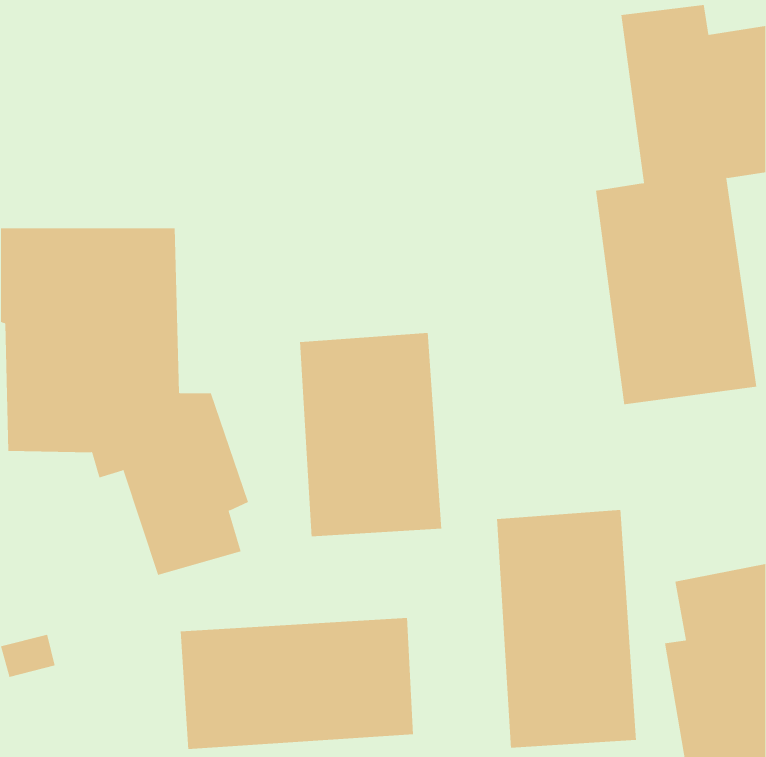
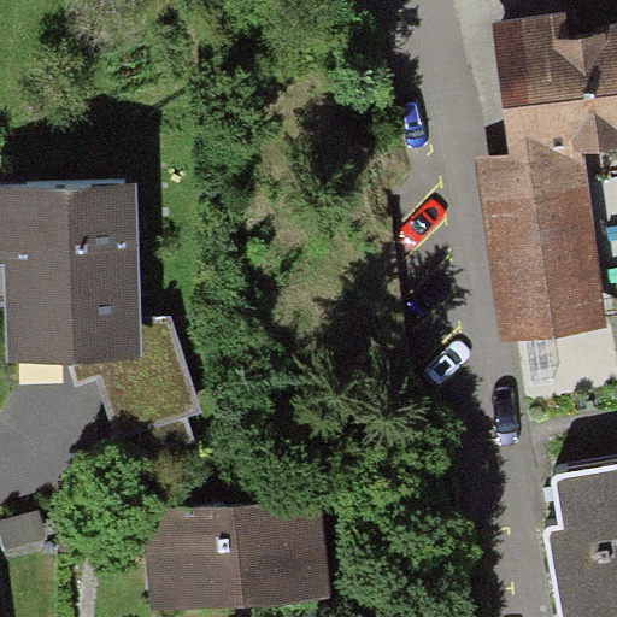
building: [299,332,442,537] -> none
building: [497,509,637,748] -> none

